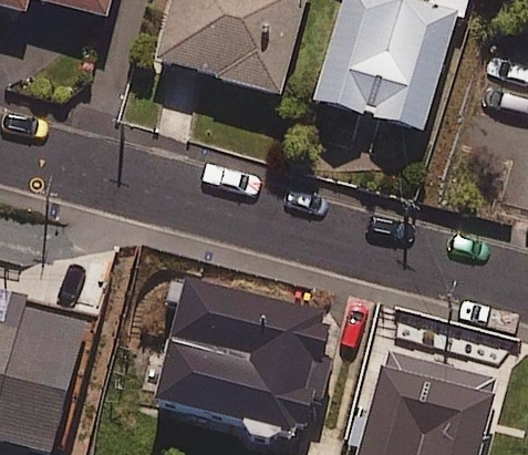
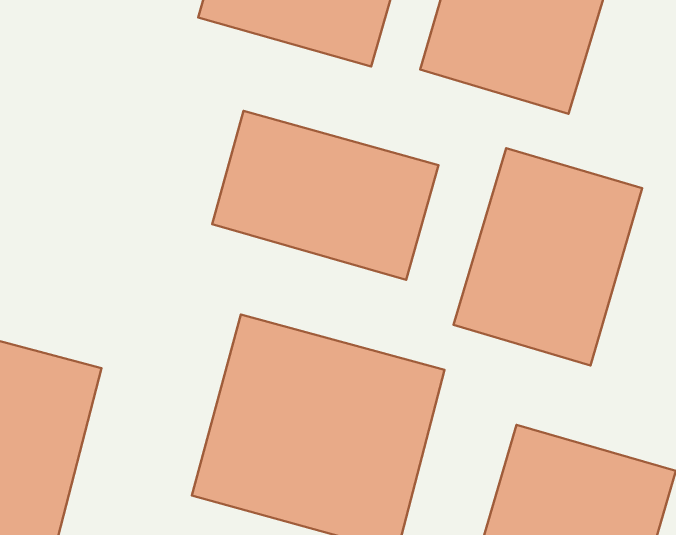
building: none -> [212,111,439,280]
building: none -> [453,148,642,365]

